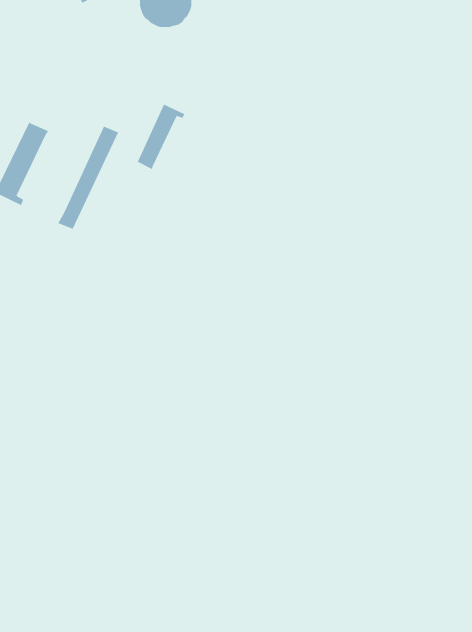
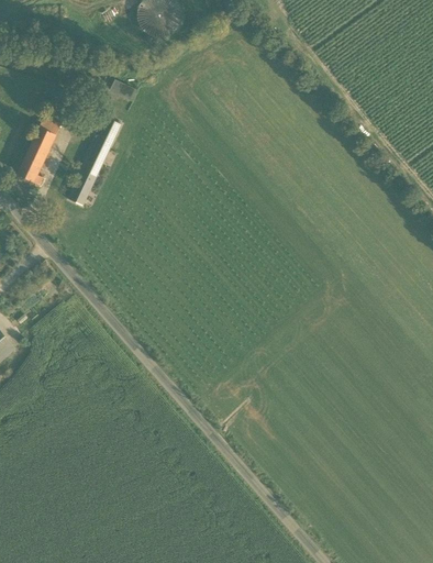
building: [136,103,186,170] -> none

